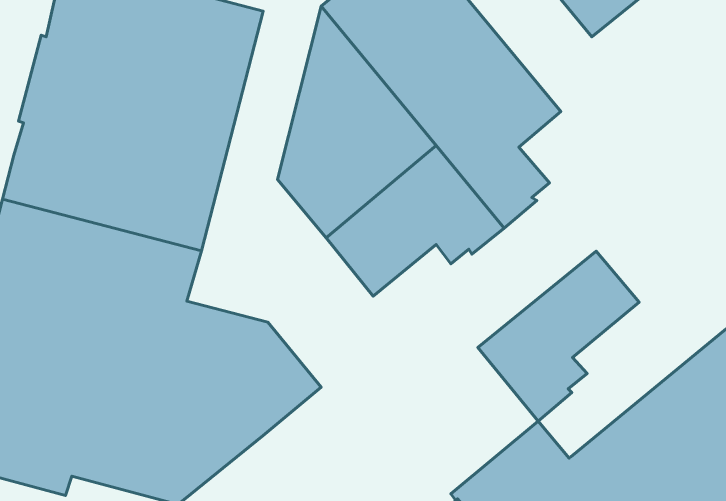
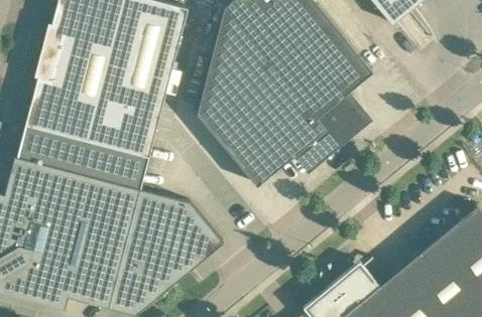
building: [478,251,639,421] -> none

